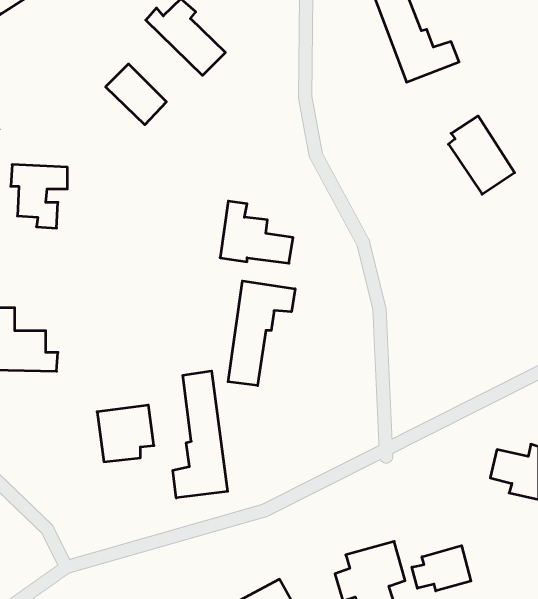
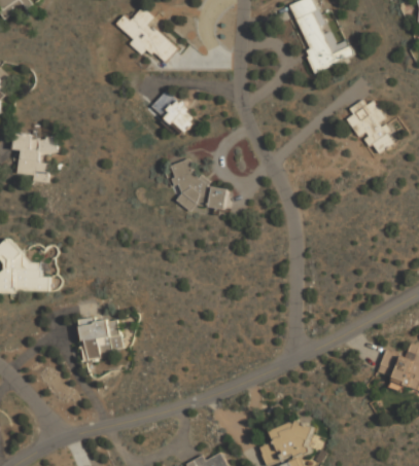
building: [106,64,166,125] -> [150,88,197,135]
building: [228,281,295,386] -> none
building: [173,371,228,498] -> none
building: [412,546,471,591] -> none

